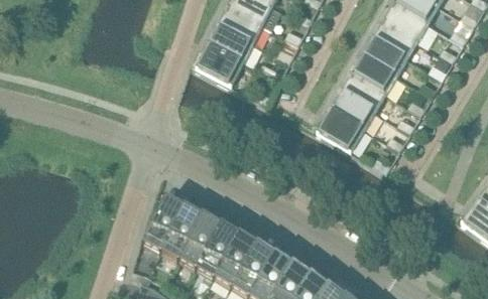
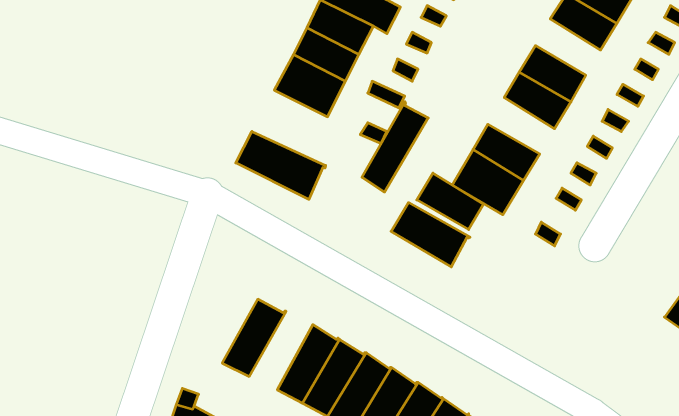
building: [375,17,419,55] -> none
building: [343,70,388,109] -> [417,173,483,230]
building: none -> [362,102,428,192]
building: none -> [236,131,326,199]
building: none -> [391,203,470,267]
building: [143,198,187,251] -> none
building: [180,215,224,269] -> none

